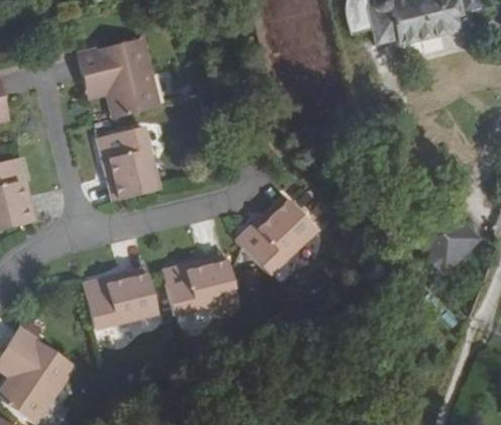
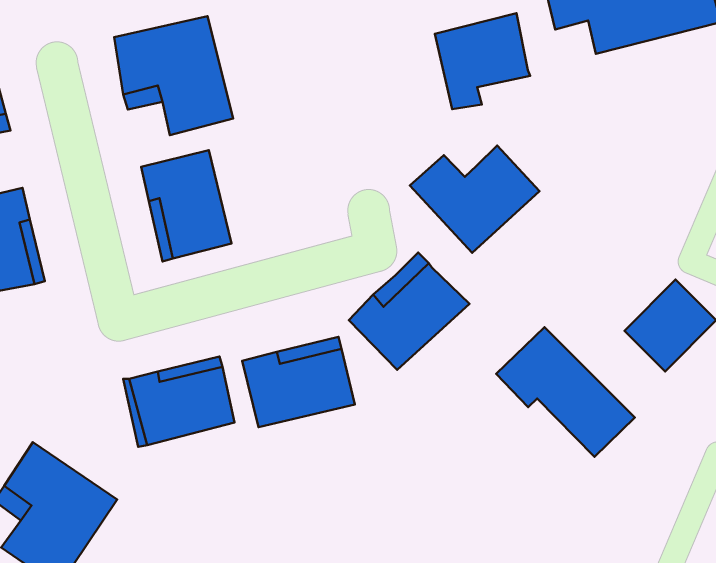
building: none -> [435,13,530,109]
building: none -> [410,145,540,253]
building: none -> [496,327,635,457]

